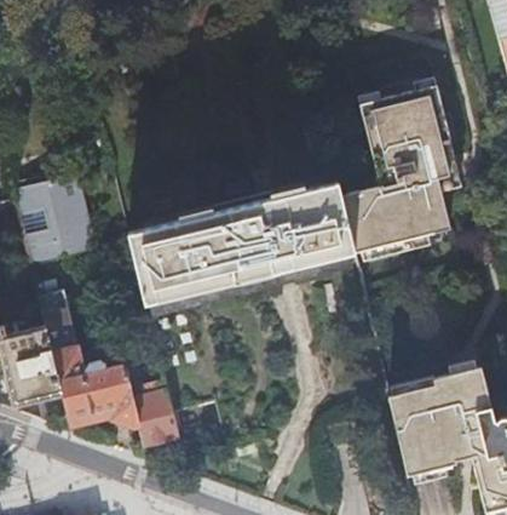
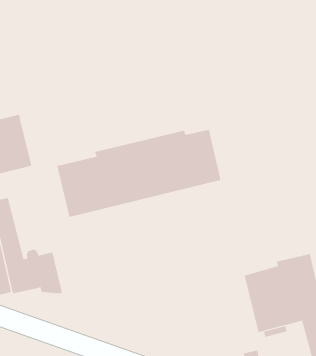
building: [340,84,461,251] -> none
building: [131,376,174,444] -> none

